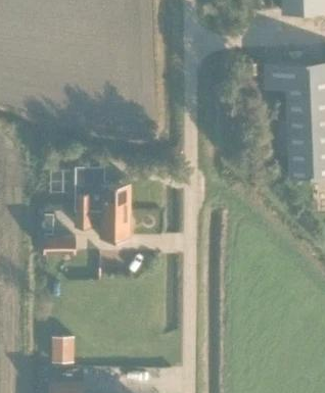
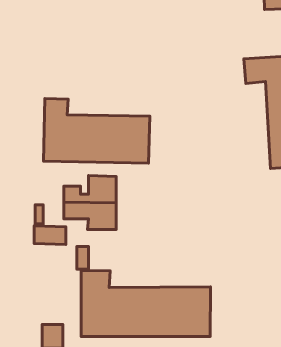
building: none -> [44,98,150,163]
building: none -> [81,270,211,337]

